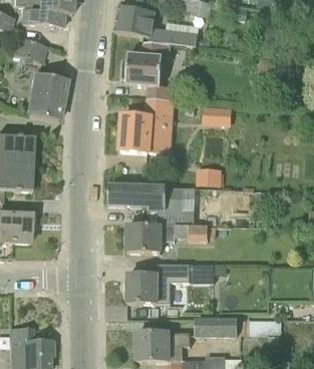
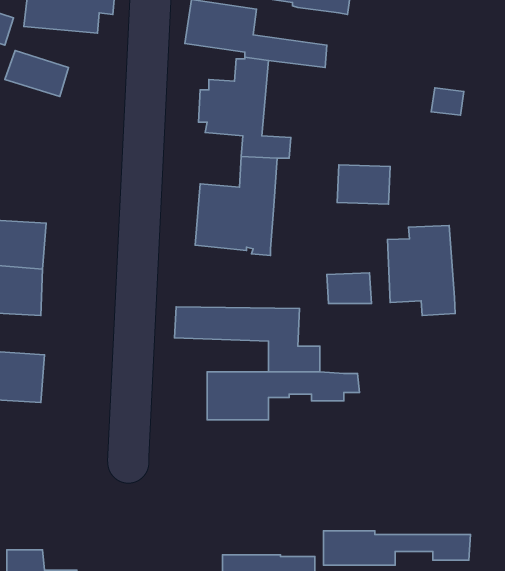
building: [25,73,65,121] -> none
building: none -> [388,226,455,315]
building: [127,263,215,304] -> none

